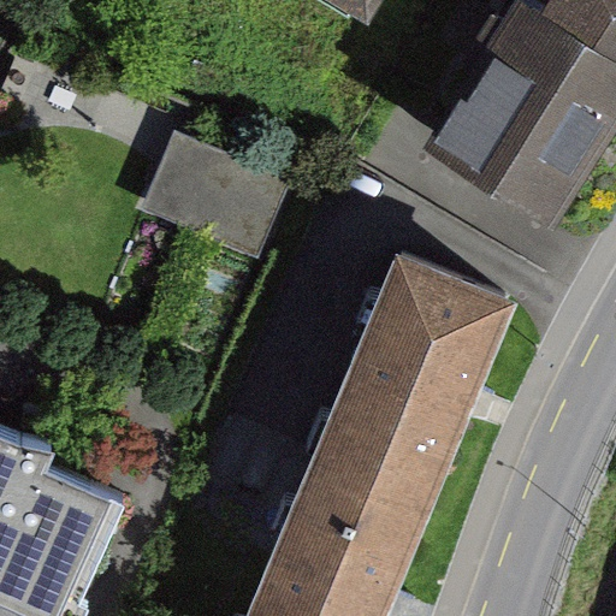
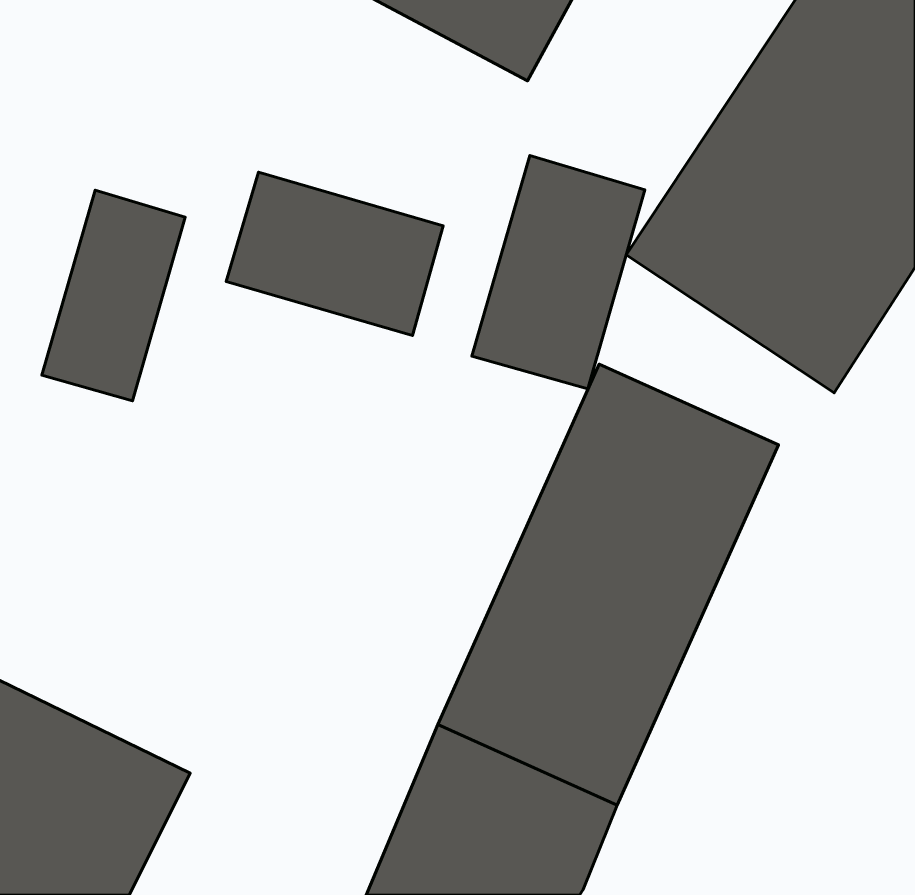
building: none -> [472,156,645,389]
building: none -> [42,190,185,401]

